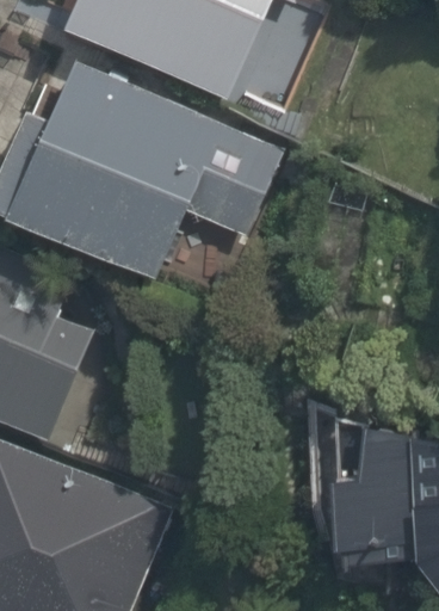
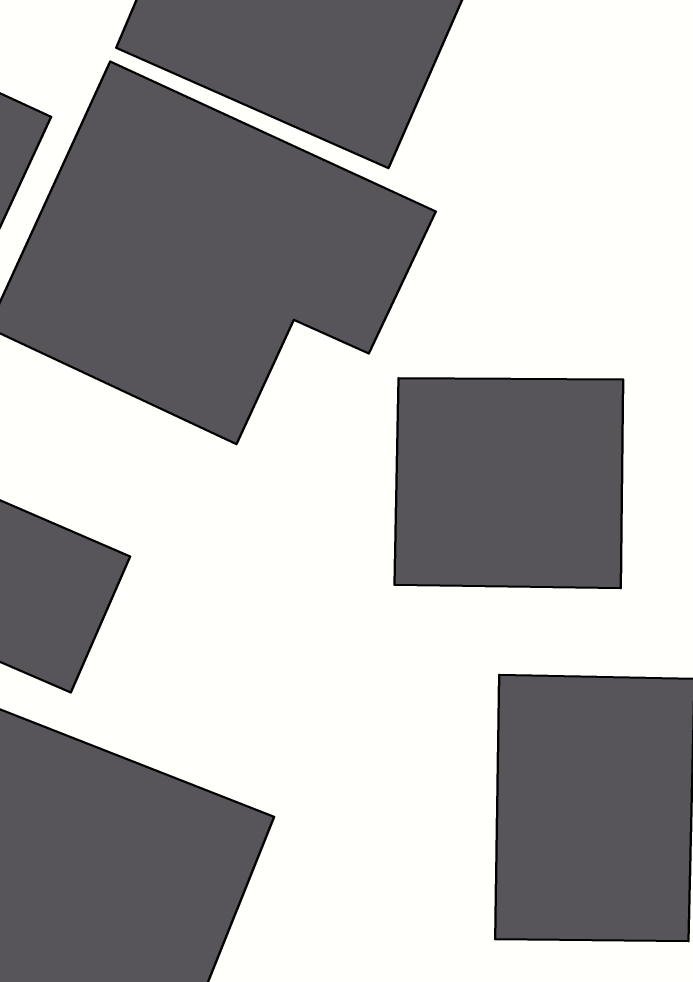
building: none -> [394,378,623,588]

